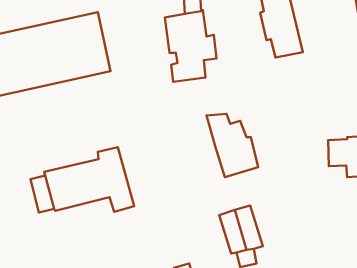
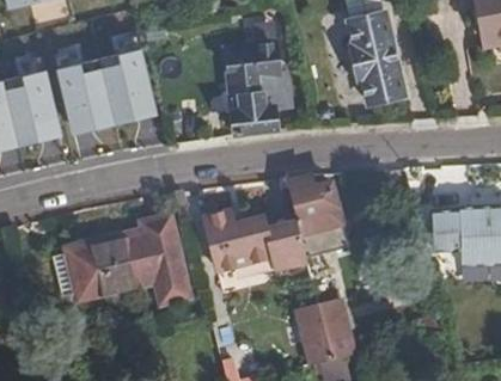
building: none -> [198,209,305,269]

